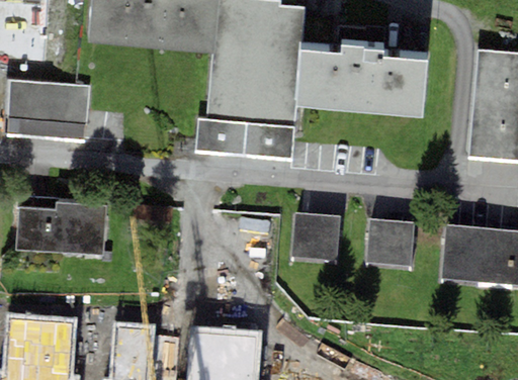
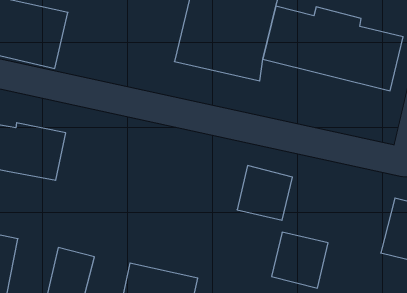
building: [194,118,293,161] -> none
building: [364,218,416,269] -> [272,232,328,288]

